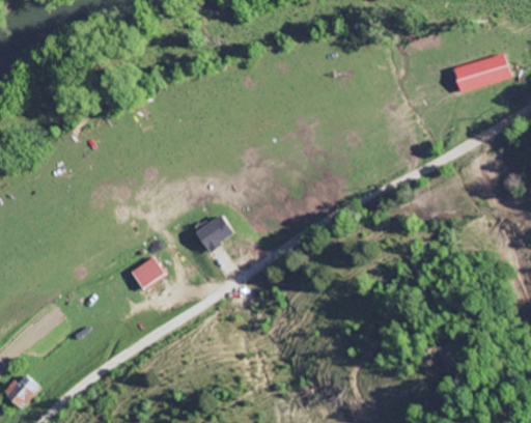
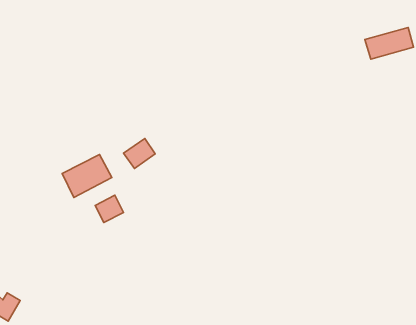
building: none -> [62,154,112,197]
building: [193,215,231,251] -> [123,139,155,169]

